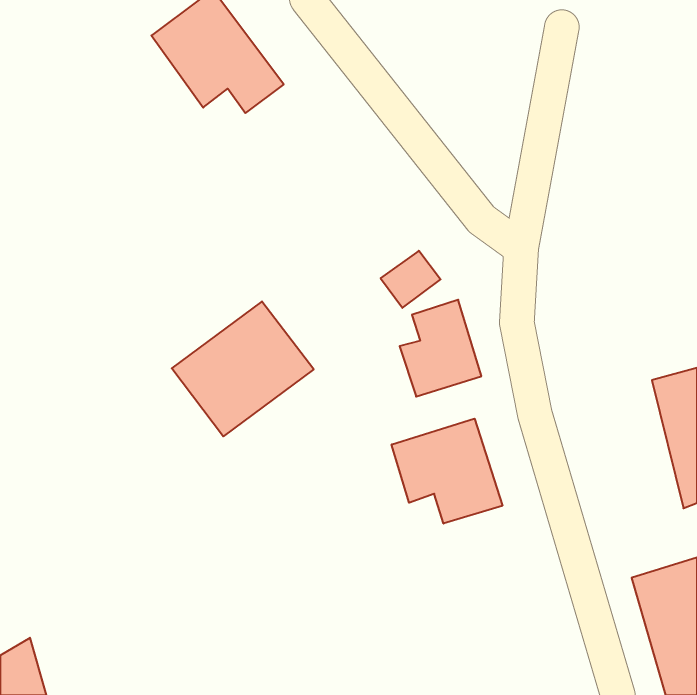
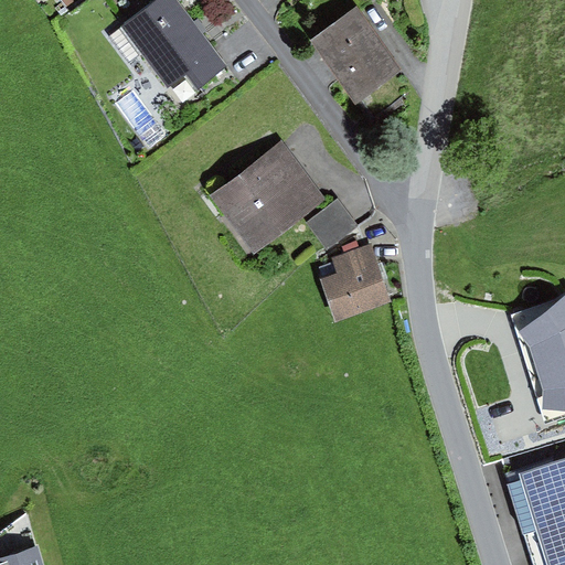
building: none -> [315,11,399,103]
building: [172,301,314,436] -> [209,143,323,253]
building: [392,419,502,524] -> none

